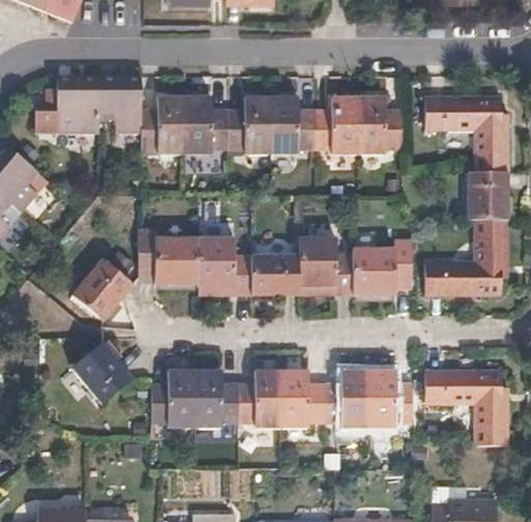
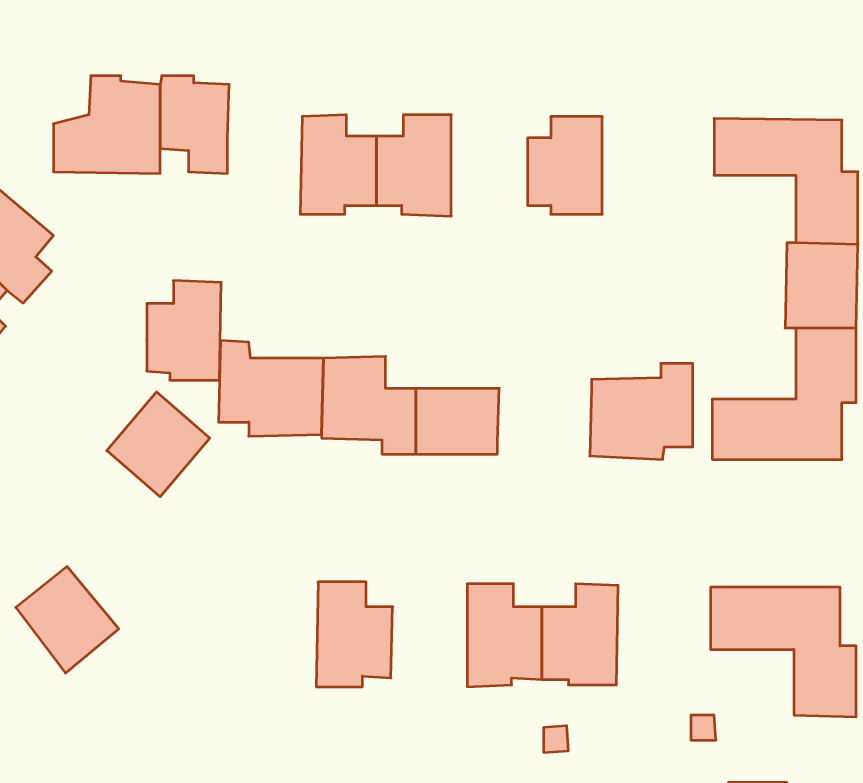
building: [141,95,185,154] -> [147,281,221,380]
building: [272,95,316,155] -> none
building: [360,95,403,155] -> none
building: [299,238,354,295] -> none
building: [72,341,132,404] -> [16,567,119,673]
building: [149,367,194,430] -> none
building: [236,368,281,430] -> none
building: [368,370,412,429] -> none

